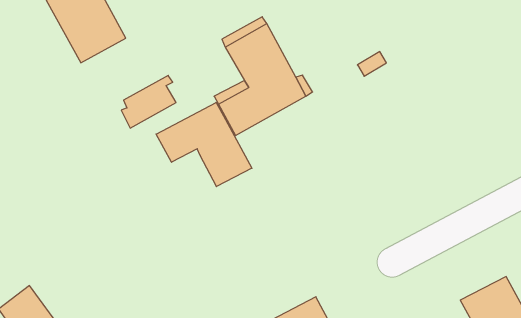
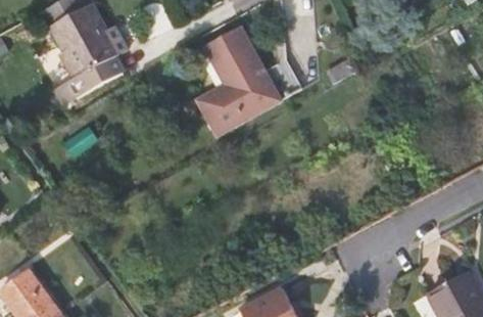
building: [121,75,176,128] -> [73,47,123,95]
building: [156,102,252,187] -> none

